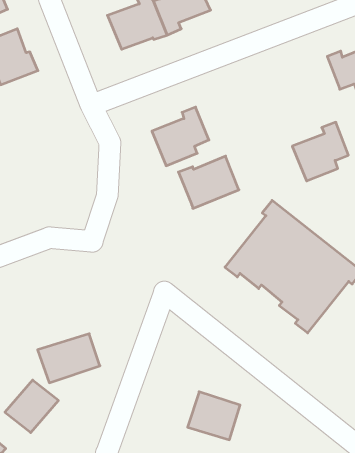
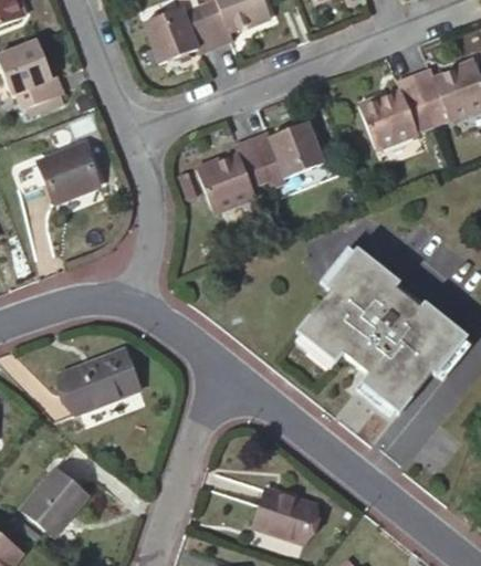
building: none -> [30,145,90,202]
building: [292,122,348,181] -> [369,71,439,144]
building: [178,156,239,208] -> [260,114,335,179]
building: [38,334,100,383] -> [65,359,143,420]

